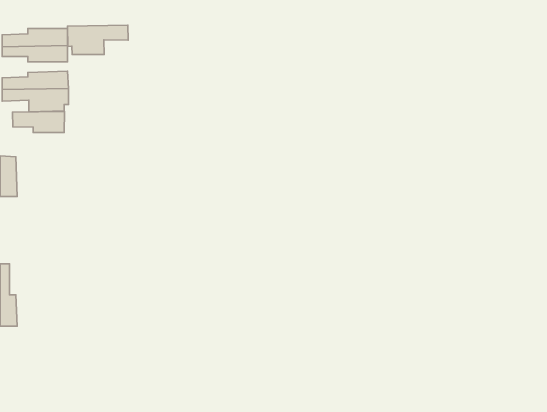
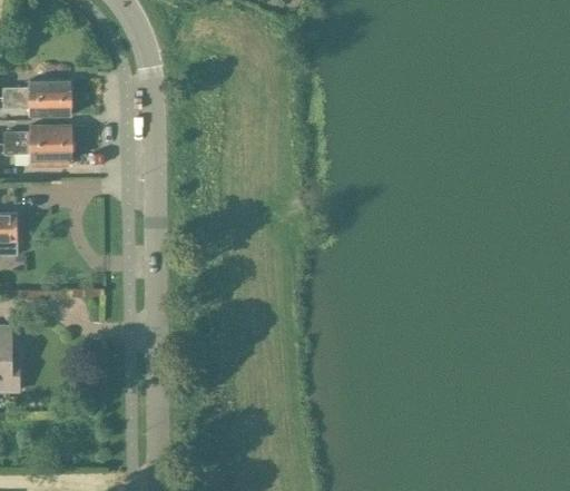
building: [67,25,128,54] -> none
building: [12,111,64,133] -> none

